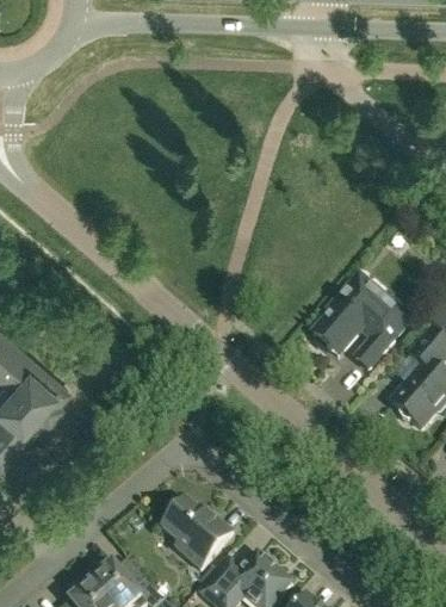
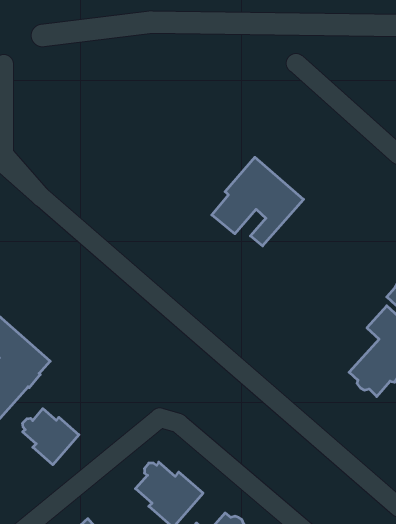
building: [314,274,413,370] -> [212,157,304,246]
building: none -> [23,409,79,465]

